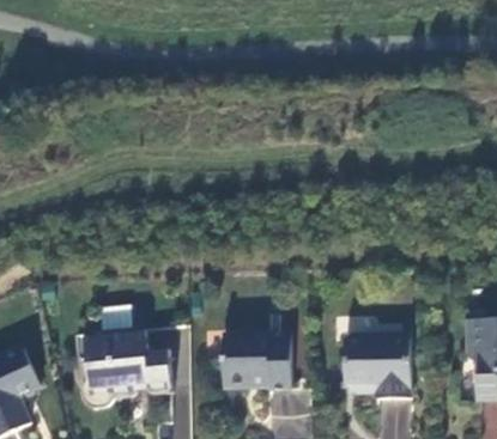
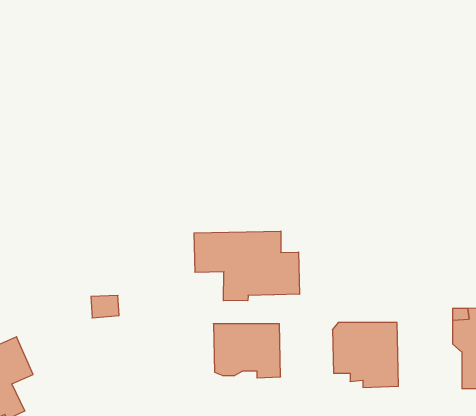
building: none -> [194,231,299,301]
building: [75,328,171,409] -> none

